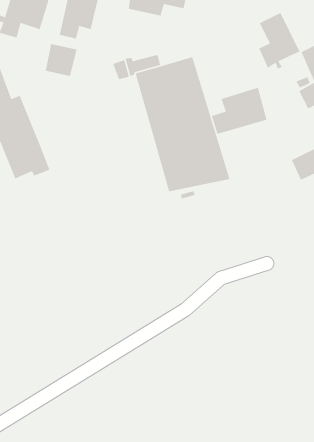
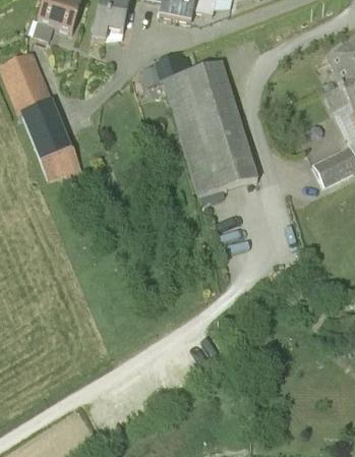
building: [258,12,300,70] -> none
building: [45,43,77,77] -> none
building: [211,87,267,135] -> none

